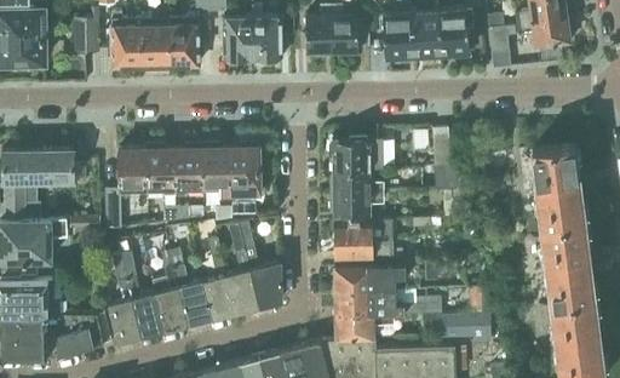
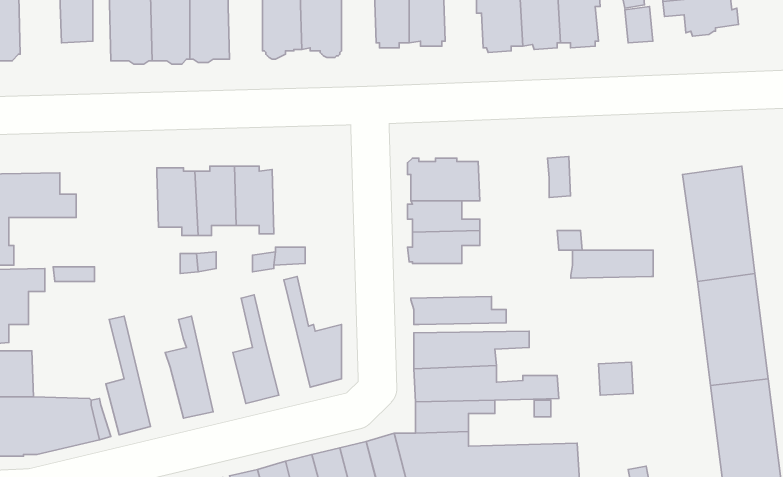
building: [230,144,263,195] -> none
building: [104,150,147,230] -> none
building: [332,222,392,242] -> [571,250,653,278]
building: [225,229,258,314] -> none
building: [121,253,165,337] -> none
building: [171,253,211,326] -> none
building: [437,315,493,345] -> none

